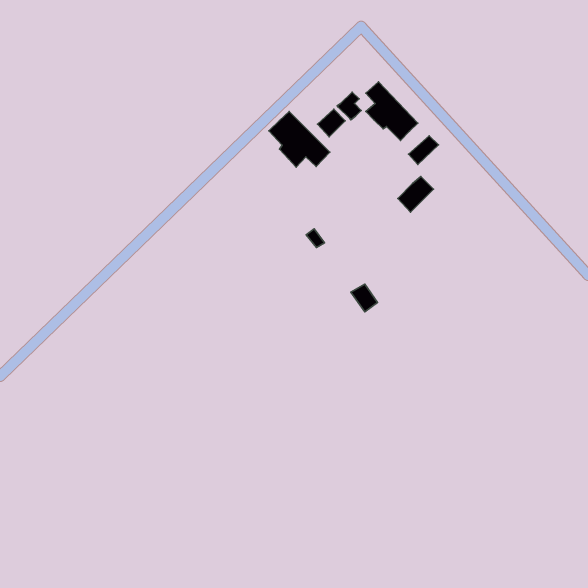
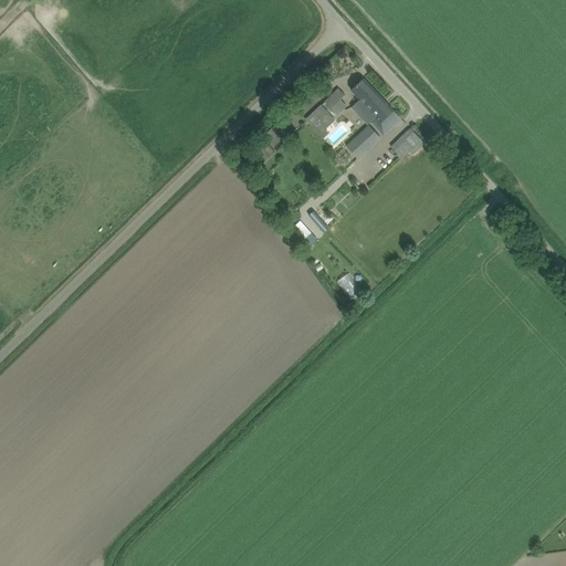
building: [269,112,330,167] -> none
building: [398,177,433,212] -> [346,126,380,160]

